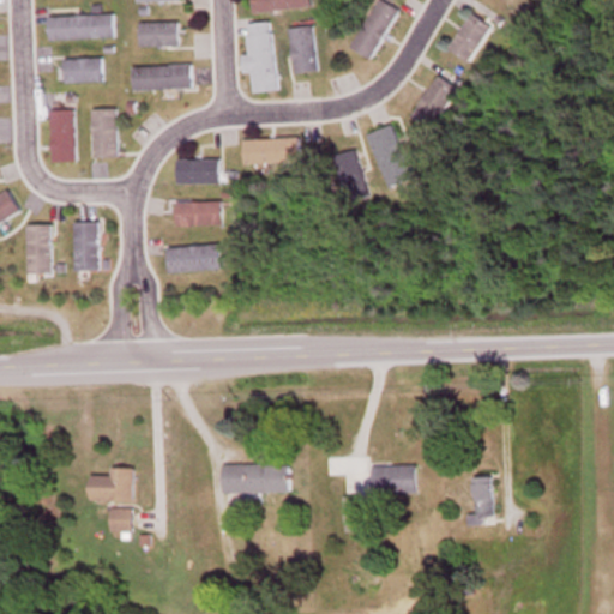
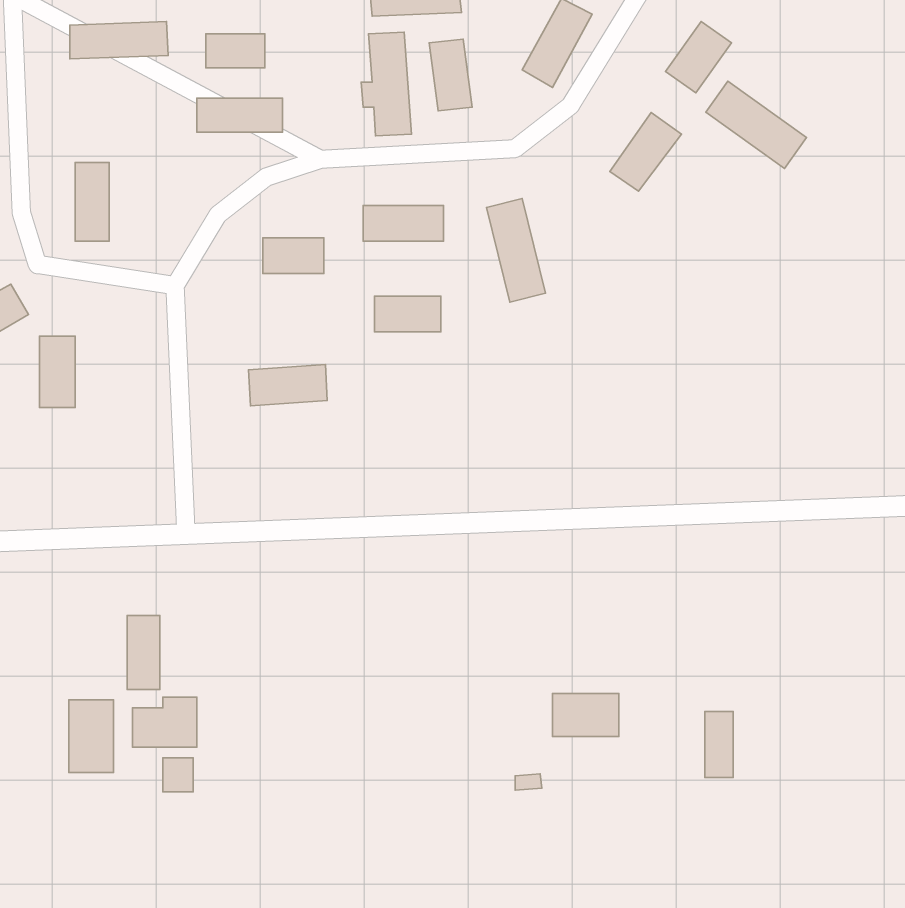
building: none -> [706,81,807,168]
building: [62,58,102,83] -> none
building: [92,108,115,157] -> none
building: [367,125,410,186] -> none
building: [175,201,219,225] -> [375,296,441,332]
building: [74,222,97,271] -> none
building: none -> [127,615,160,689]
building: [221,464,289,492] -> none
building: none -> [69,700,114,772]

